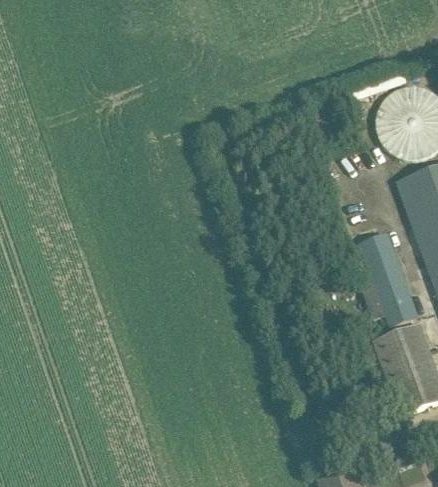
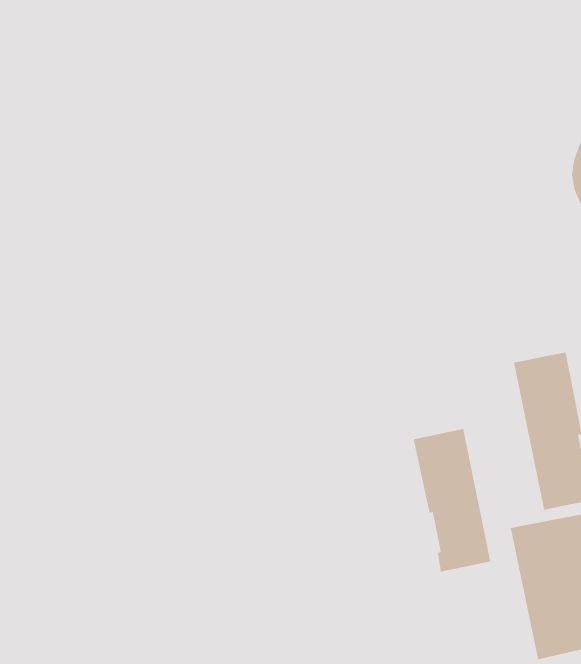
building: none -> [413,428,491,572]

